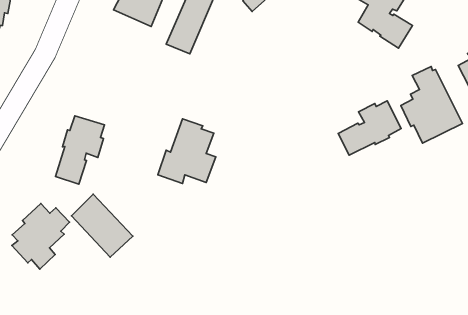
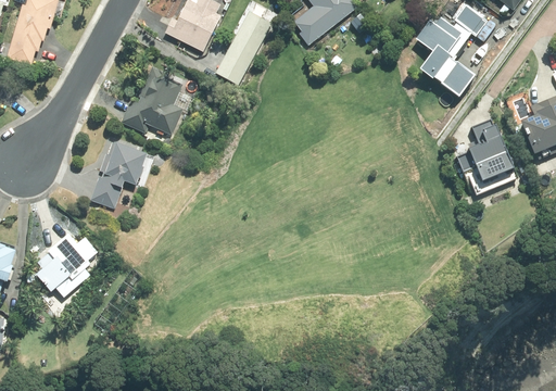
building: [338,101,401,155] -> none
building: [158,119,216,183] -> [121,66,182,135]
building: [72,194,133,257] -> none

